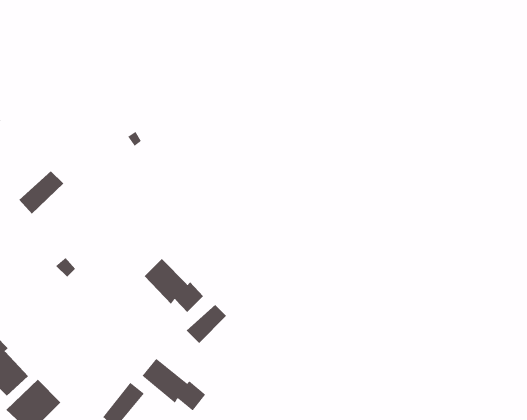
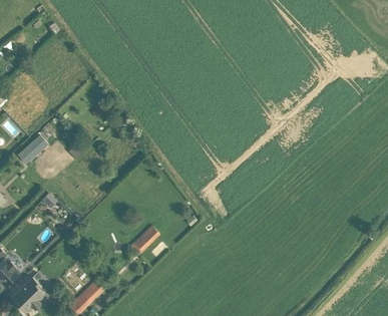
building: [144,258,204,313] -> none
building: [142,358,206,412] -> none

